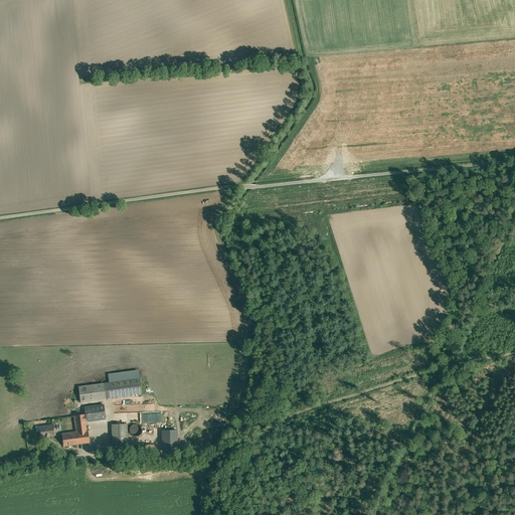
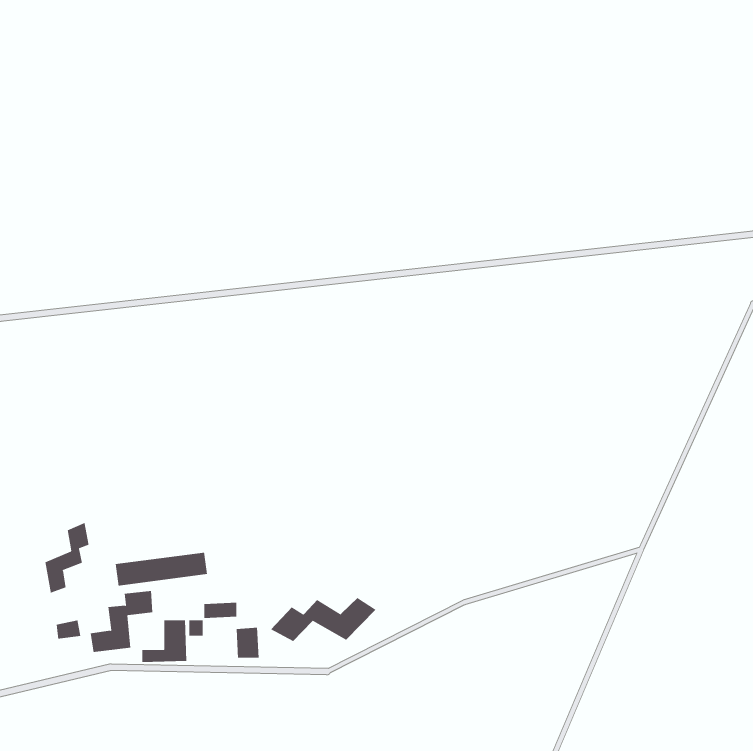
building: none -> [45,522,89,593]
building: none -> [270,597,376,642]

